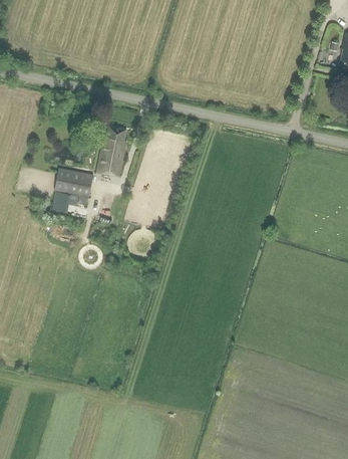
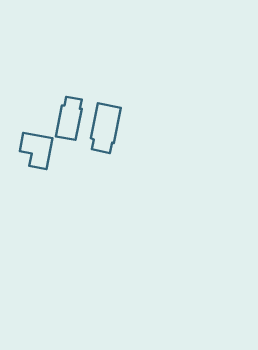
building: none -> [91,103,121,153]

